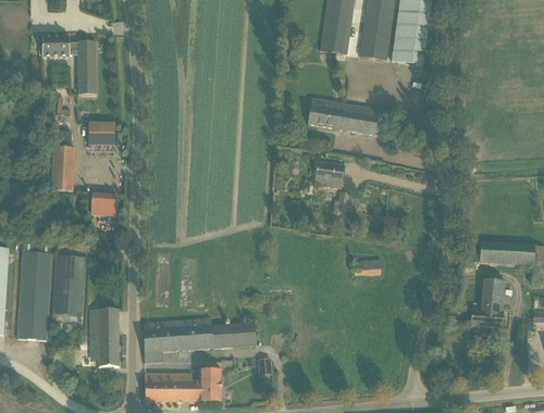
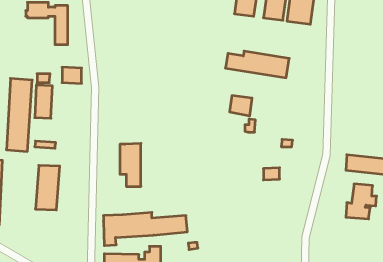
building: [90,196,119,215] -> none
building: [17,242,52,340] -> [6,78,32,151]
building: [90,309,119,366] -> [120,143,141,186]

